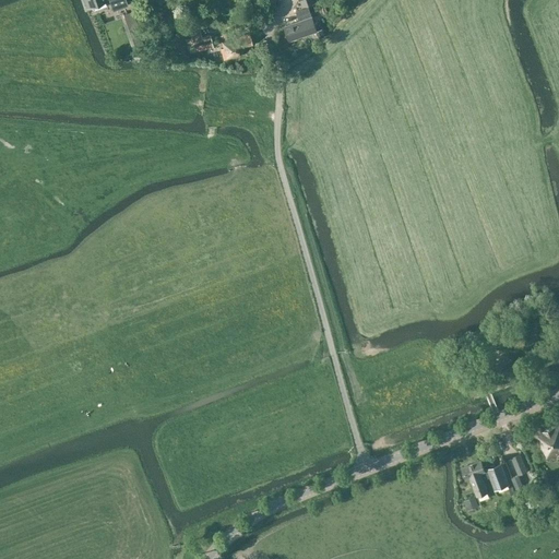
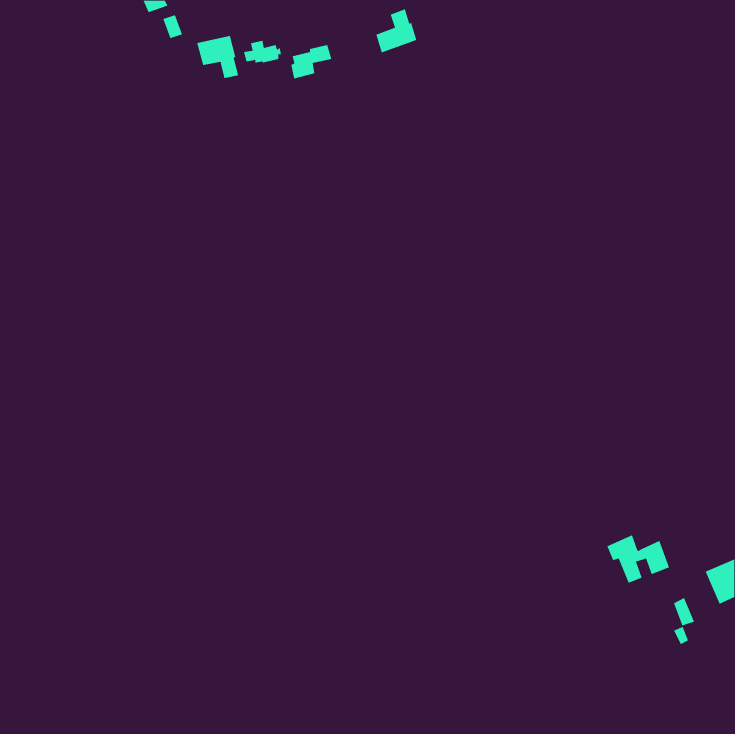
building: none -> [197,35,239,79]
building: [461,460,509,497] -> [607,535,670,583]

